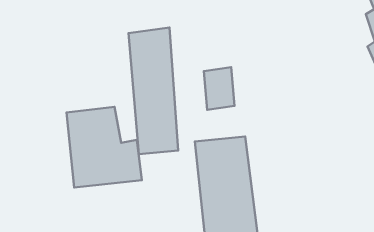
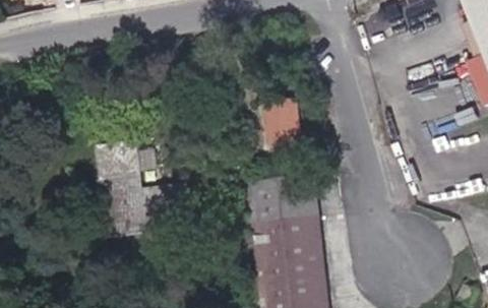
building: [129,27,178,154] -> none

